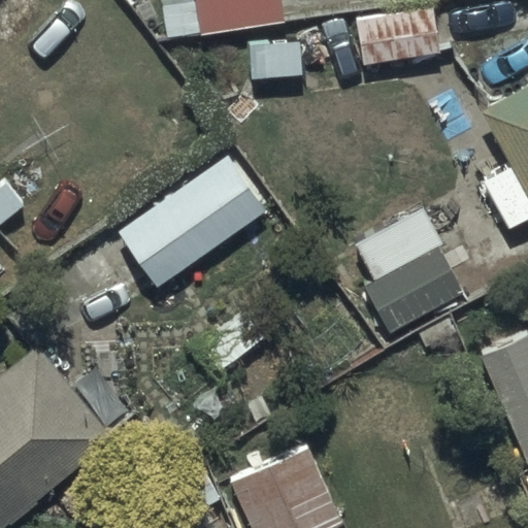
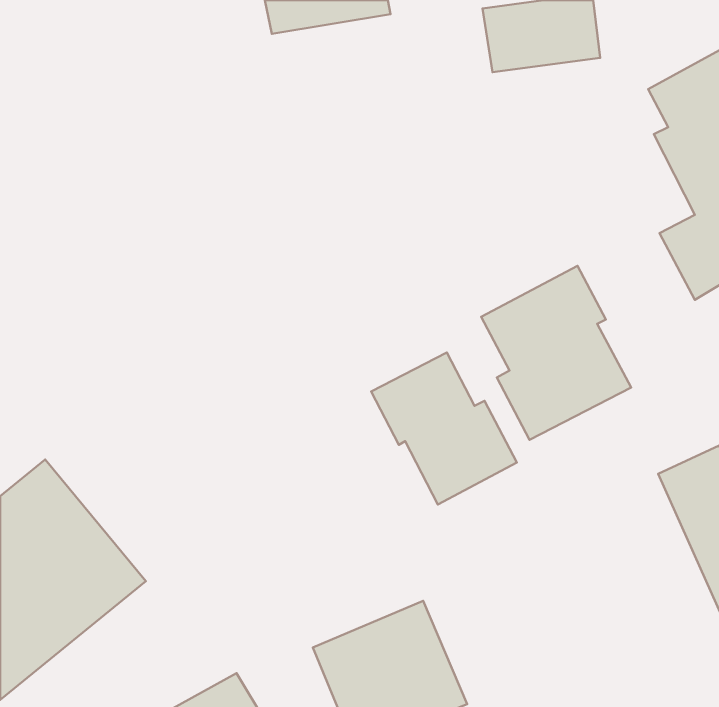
building: [117,157,265,286] -> none
building: none -> [371,353,517,504]

